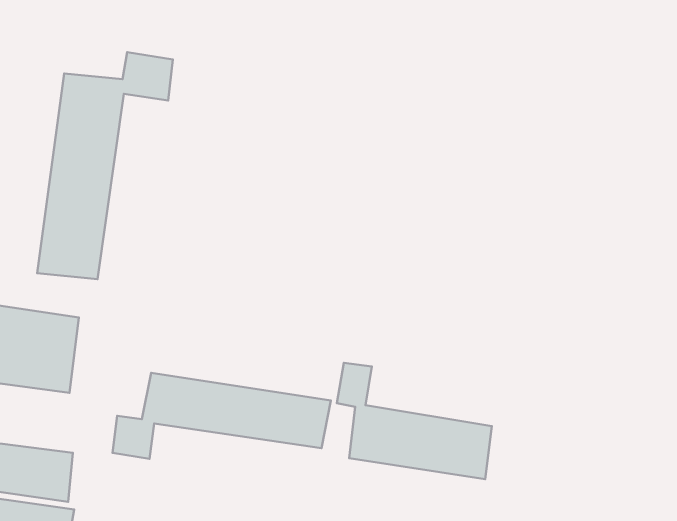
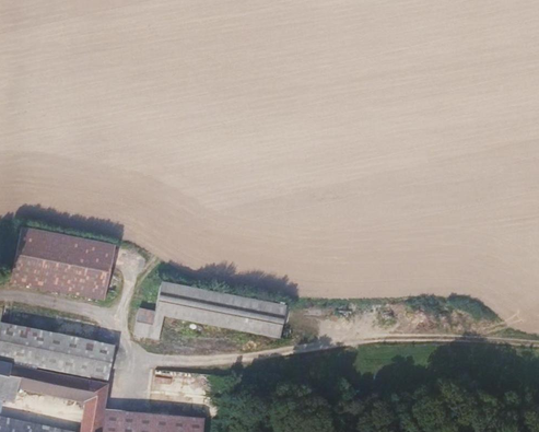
building: [37,52,173,279] -> none
building: [337,363,492,479] -> none

